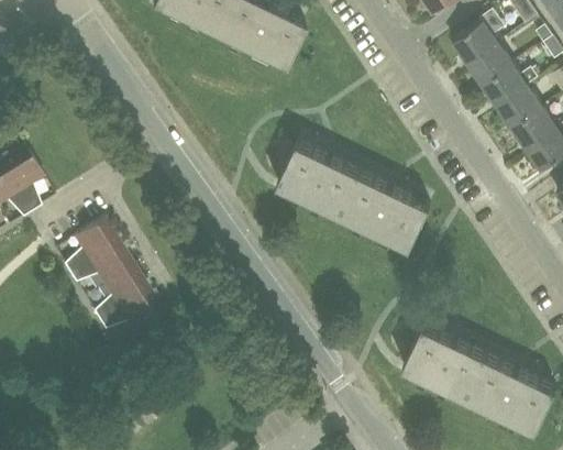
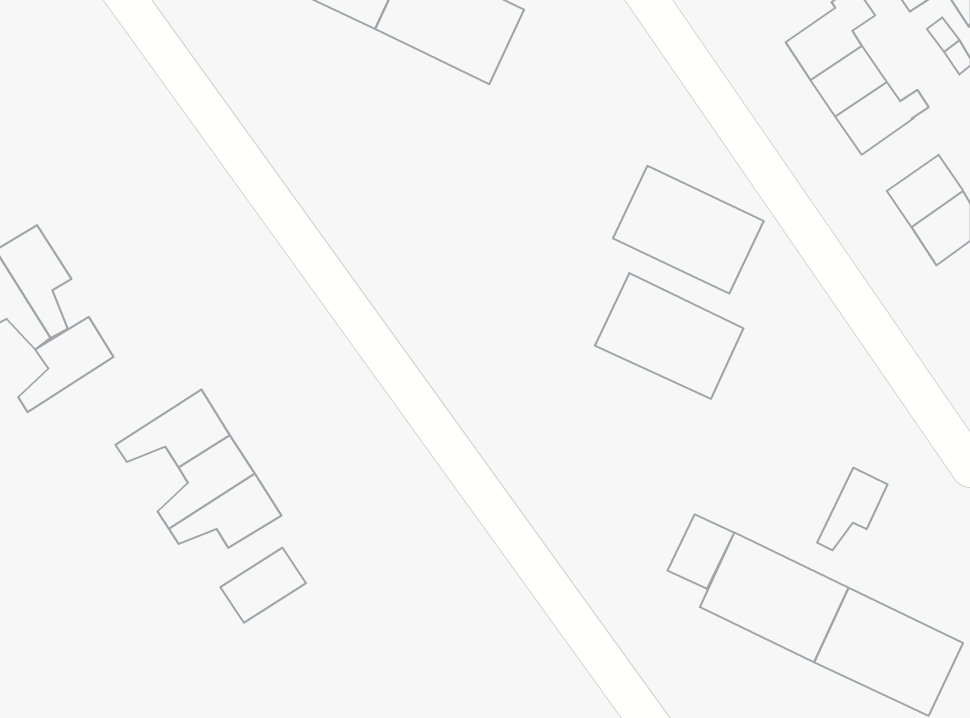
building: [498,87,542,129] -> none
building: [277,144,364,218] -> [613,166,764,294]
building: [63,220,118,275] -> [18,317,114,412]
building: none -> [817,468,888,550]
building: none -> [668,514,734,589]
building: none -> [220,548,306,623]

